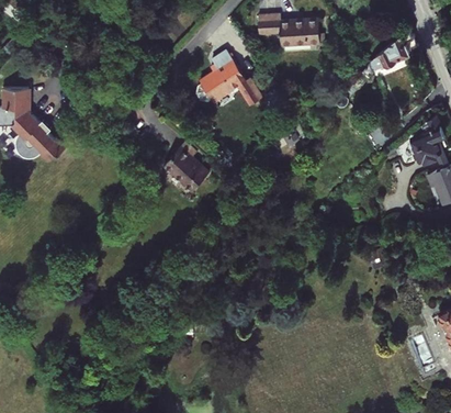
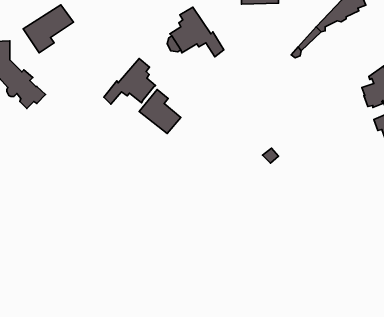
building: none -> [23,5,73,53]
building: none -> [104,59,156,104]

